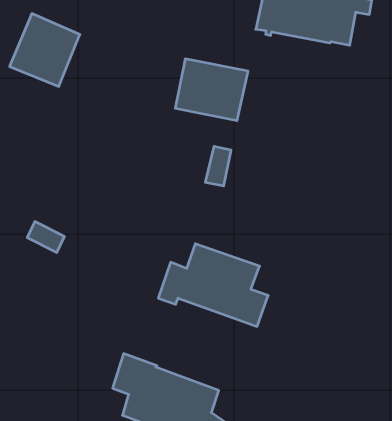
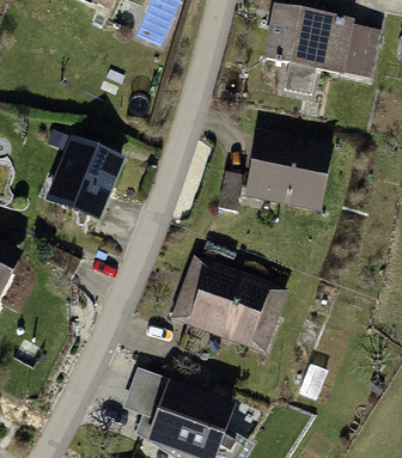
building: [10,14,80,86] -> [50,141,118,212]
building: [175,59,248,121] -> [252,138,323,197]

